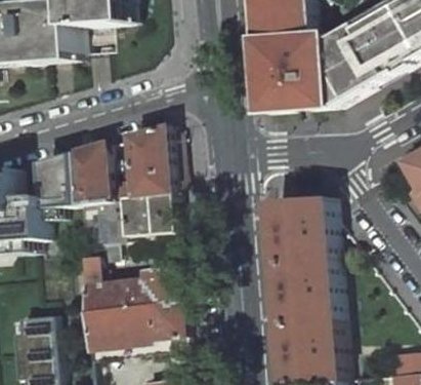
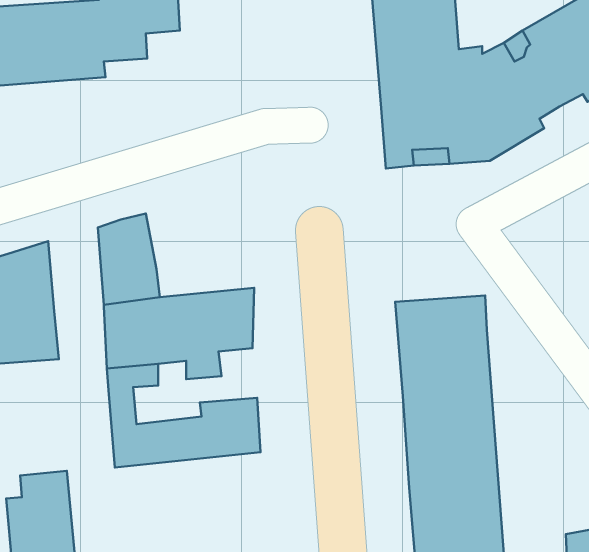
building: [109,122,173,197] -> none
building: [37,151,74,206] -> none
building: [81,300,180,352] -> none

